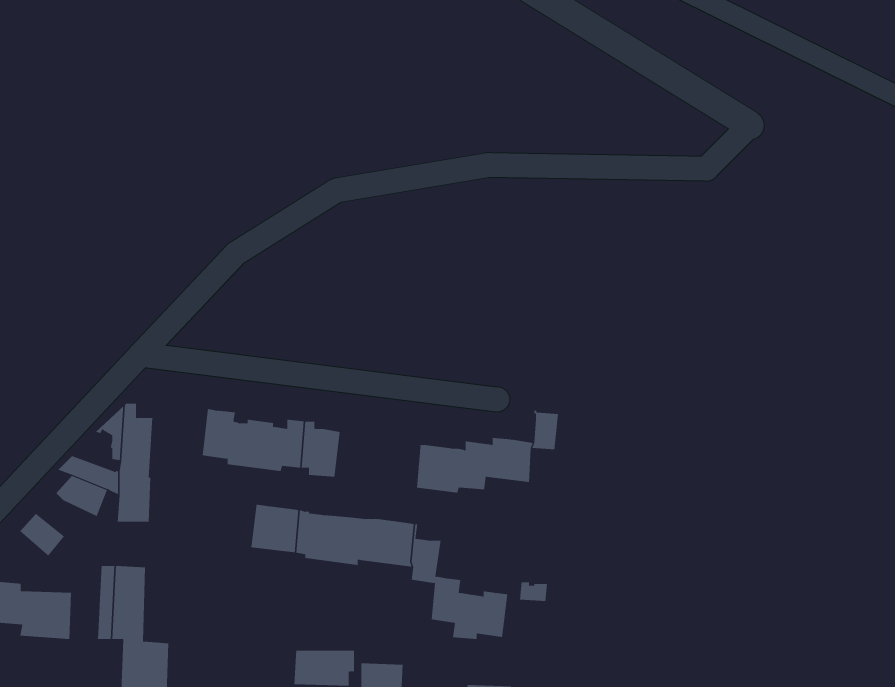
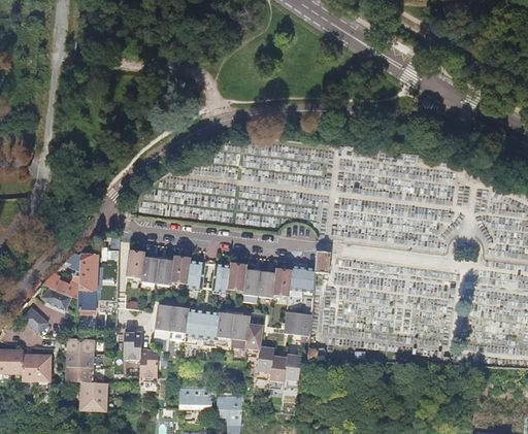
building: none -> [212,262,251,295]
building: none -> [284,310,311,335]
building: none -> [124,331,157,377]

